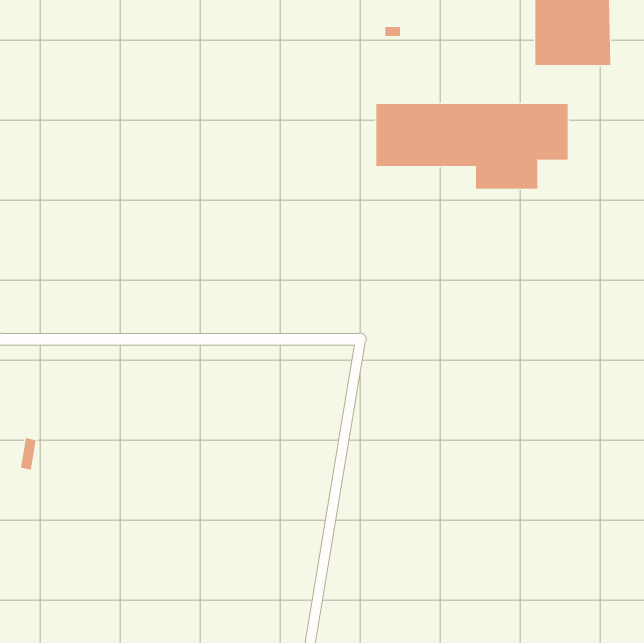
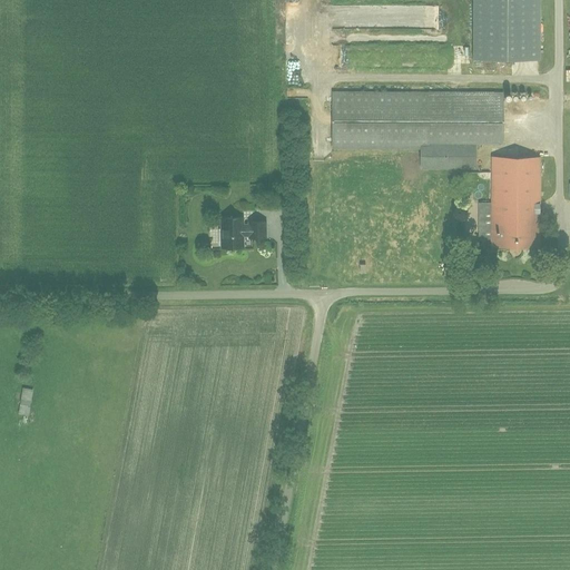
building: none -> [491,156,540,245]
building: none -> [218,217,265,246]

